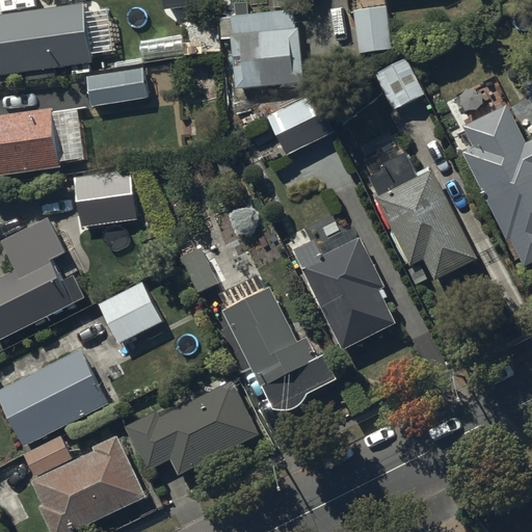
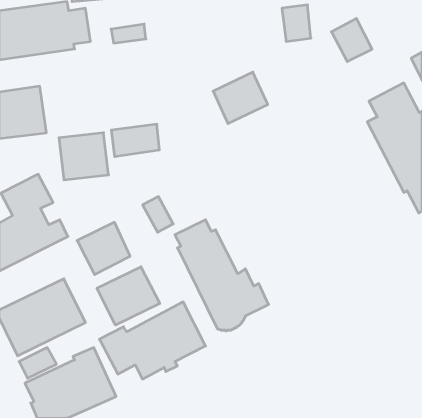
building: [229,10,302,88] -> none
building: [373,54,424,108] -> [331,18,372,62]
building: [86,63,147,104] -> [111,124,159,157]
building: [368,153,477,281] -> none
building: [293,230,397,350] -> none
building: none -> [97,267,160,325]

